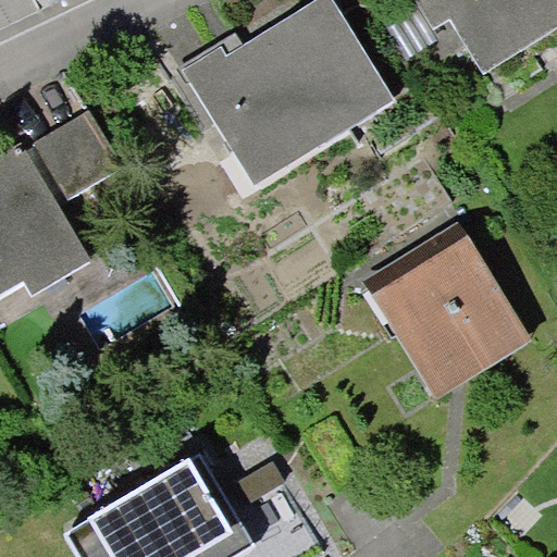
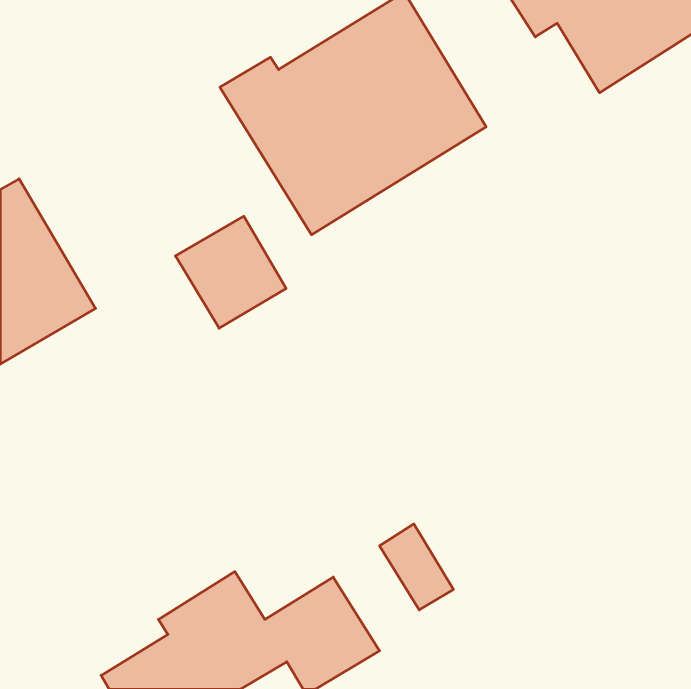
building: [34,110,122,199] -> [175,216,286,328]
building: [359,228,527,396] -> none

